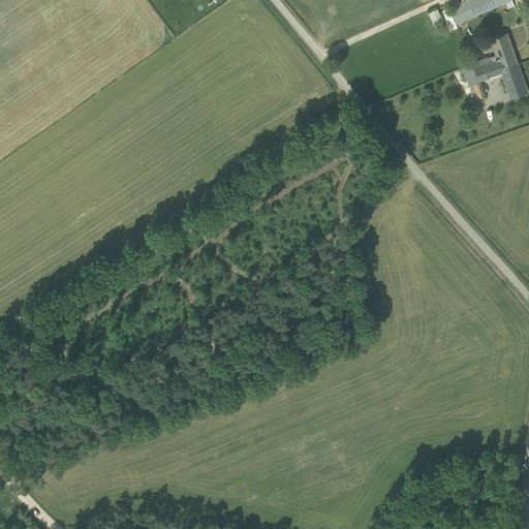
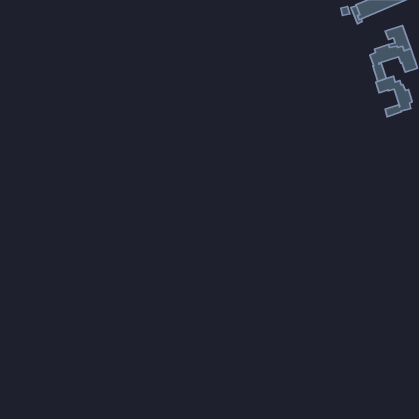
building: none -> [376,76,412,117]

